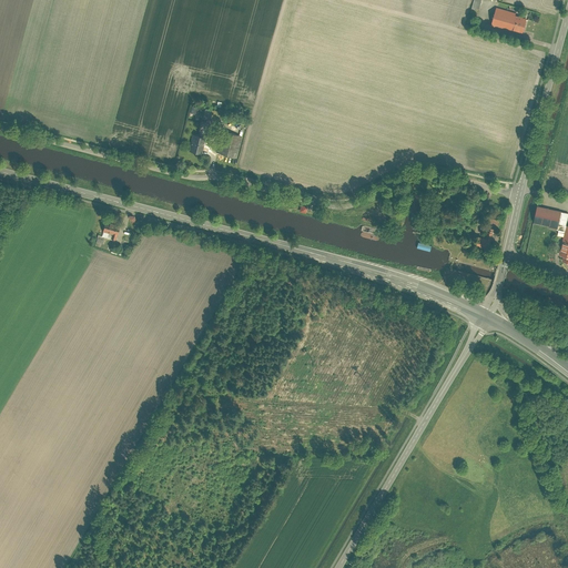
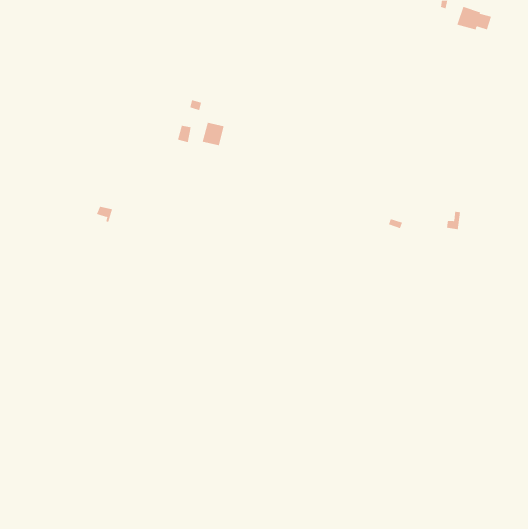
building: [532,206,561,229] -> none

